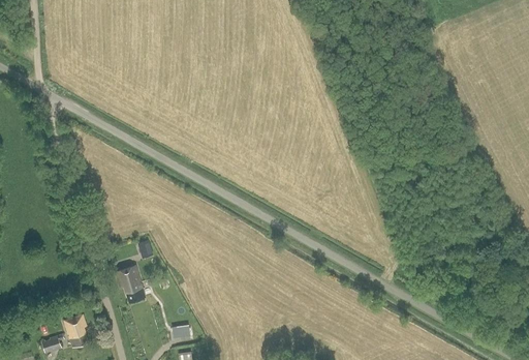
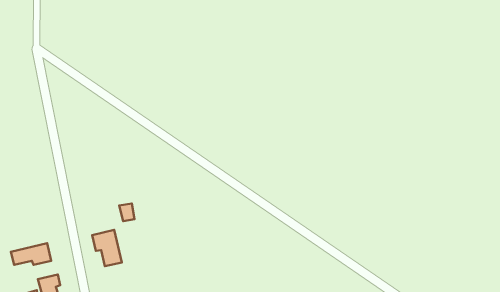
building: none -> [11,243,51,265]

